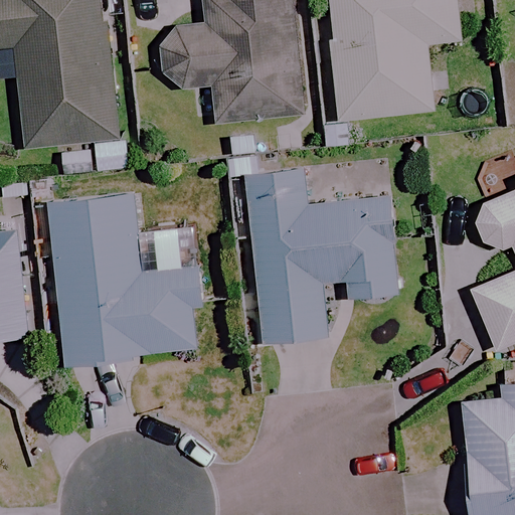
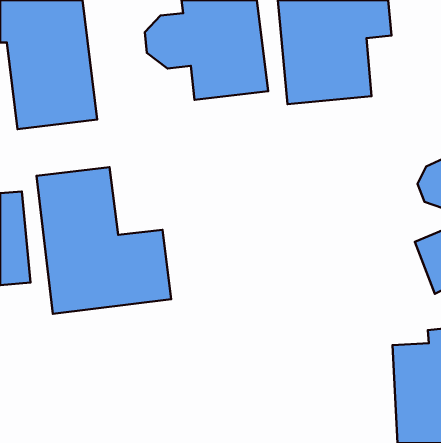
building: [246,173,397,341] -> none

